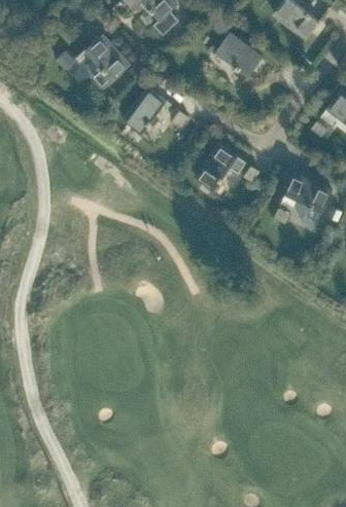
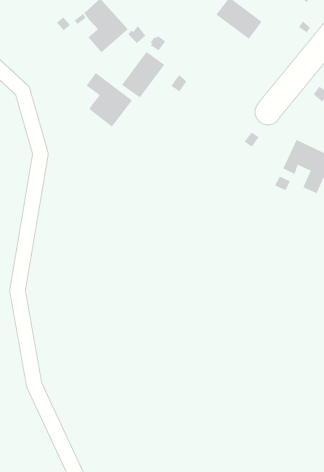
building: none -> [86,72,133,127]
building: [195,144,245,190] -> none

